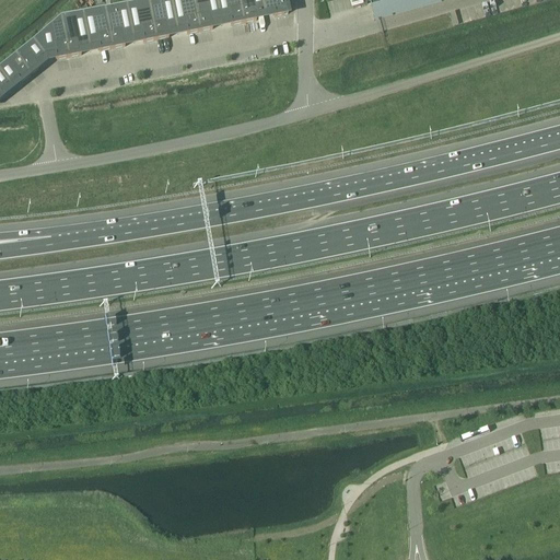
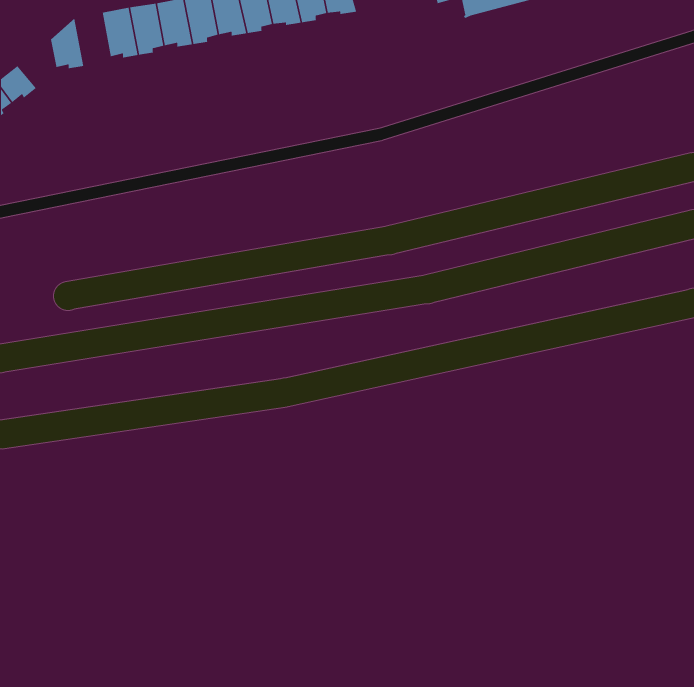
building: [60,10,89,54] -> none
building: [14,32,45,71] -> none

